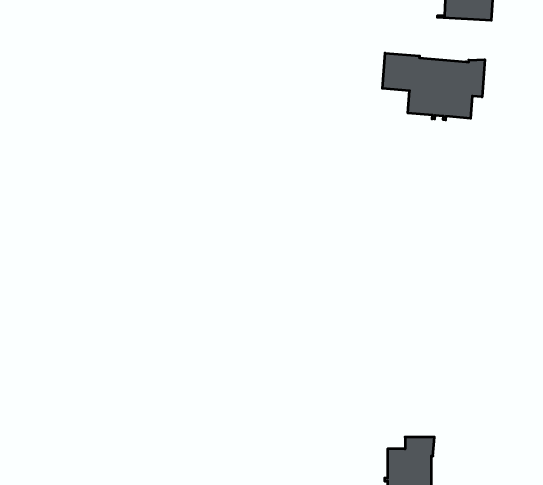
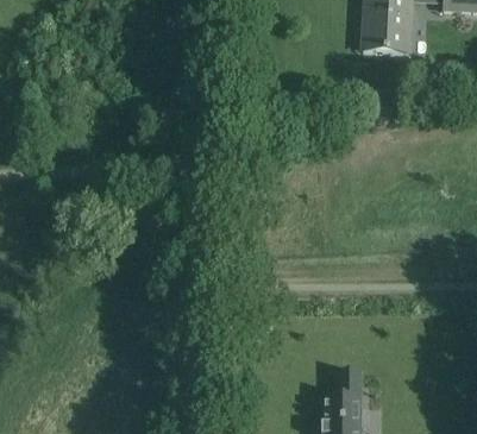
building: [382,53,485,120] -> none

